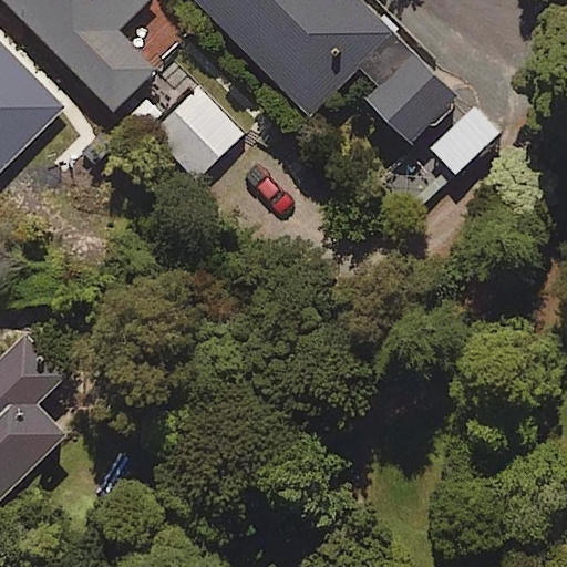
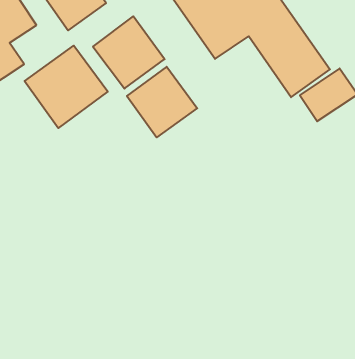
building: none -> [25,46,108,128]
building: none -> [127,67,197,137]

